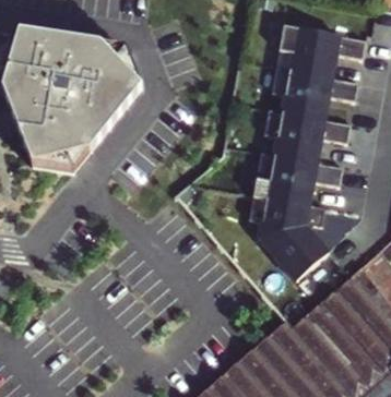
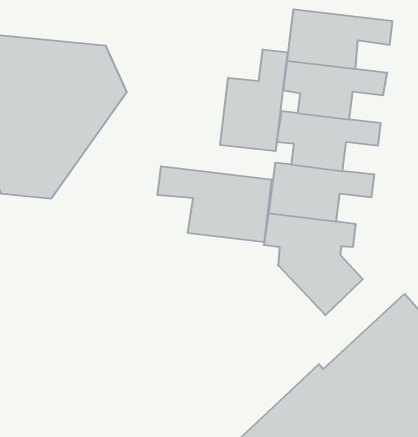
building: none -> [220,49,287,151]
building: none -> [157,166,271,242]

